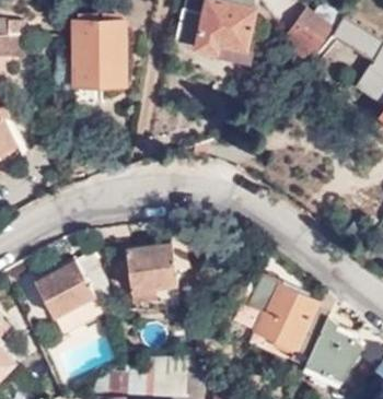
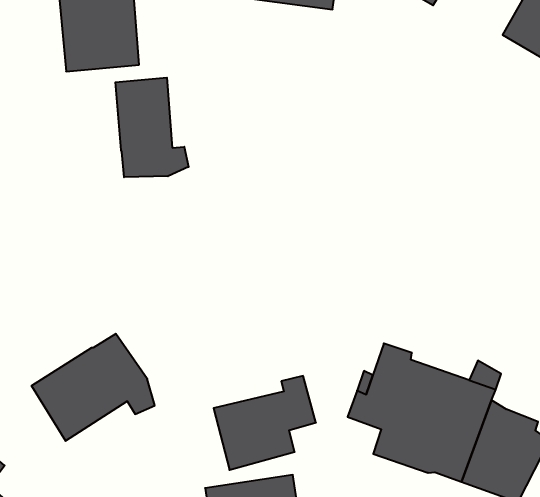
building: none -> [115,78,189,177]
building: [127,238,192,294] -> [214,376,316,470]

